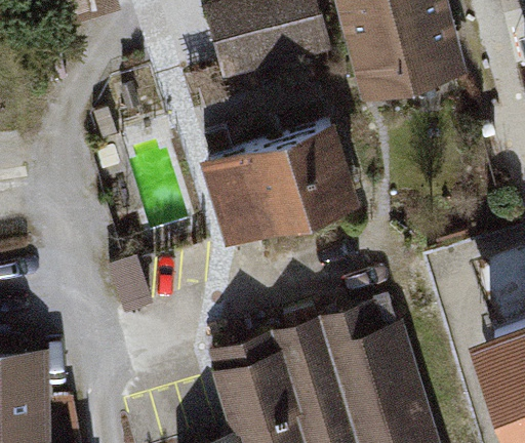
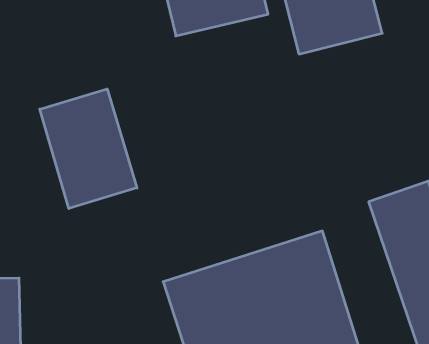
building: [202,124,361,244] -> none
building: none -> [40,89,137,209]

